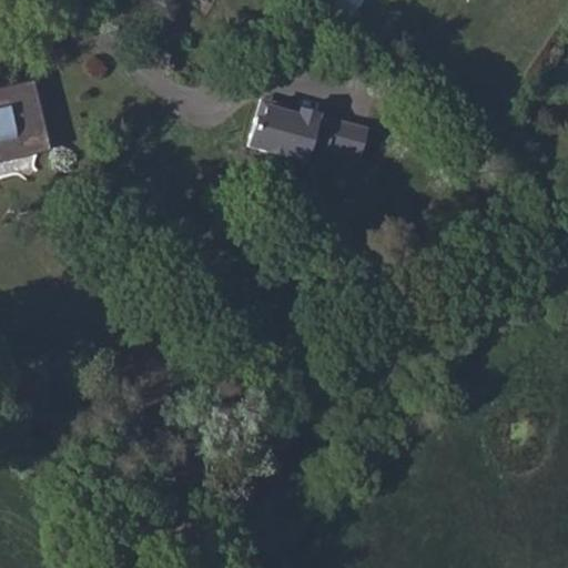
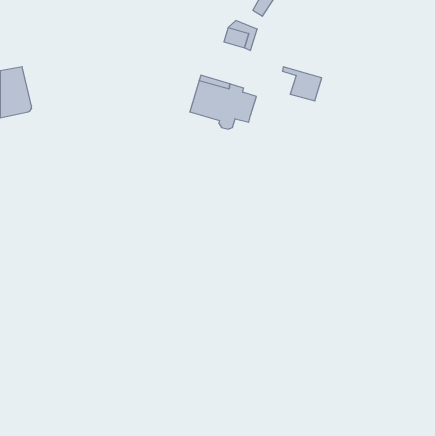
building: [317,114,368,159] -> [282,67,322,101]

